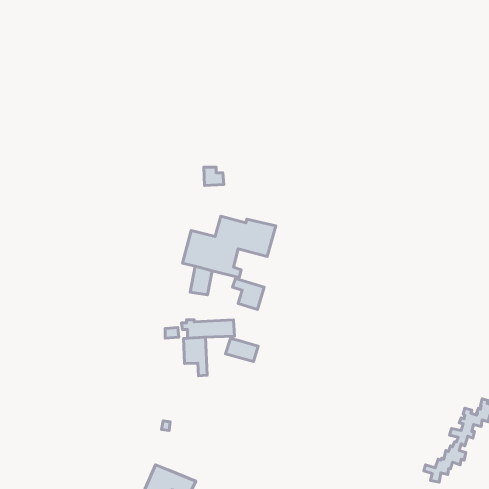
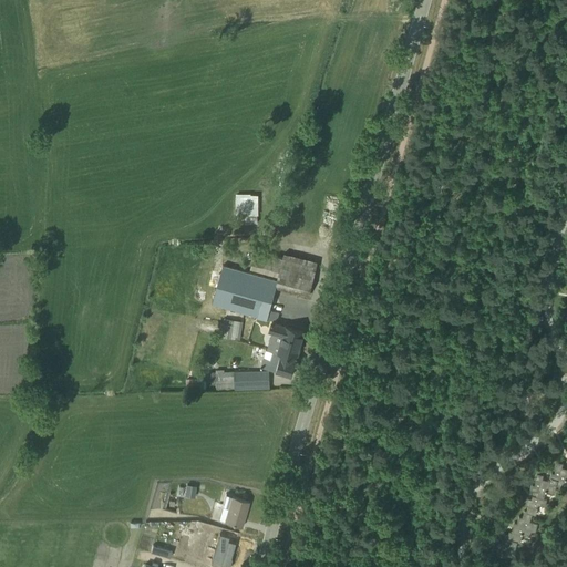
building: [184,337,207,376] -> none
building: [226,338,258,362] -> [261,350,299,377]
building: none -> [220,496,250,528]

